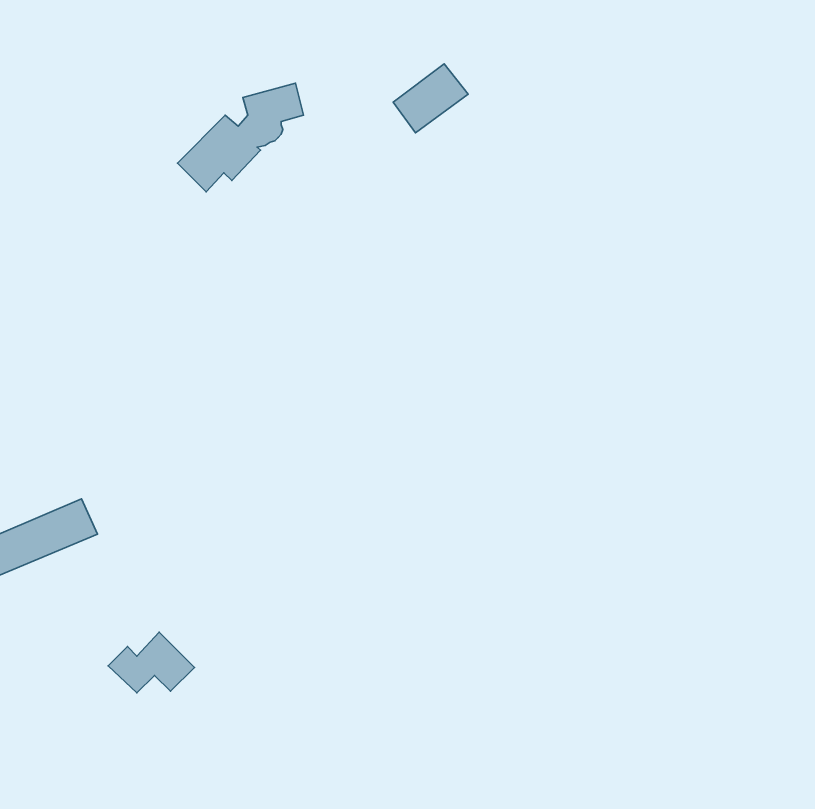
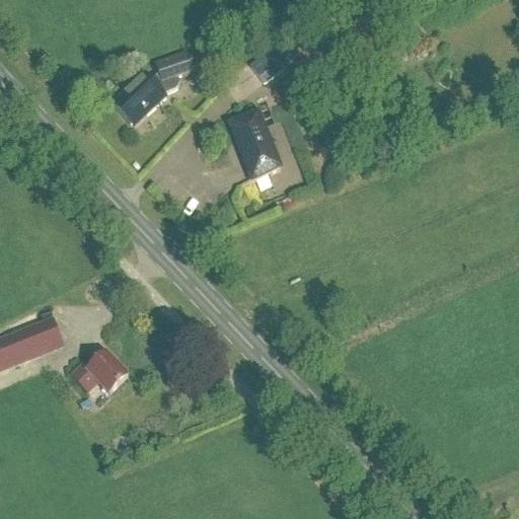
building: none -> [231,113,279,178]
building: [108,632,194,693] -> [72,351,127,389]

